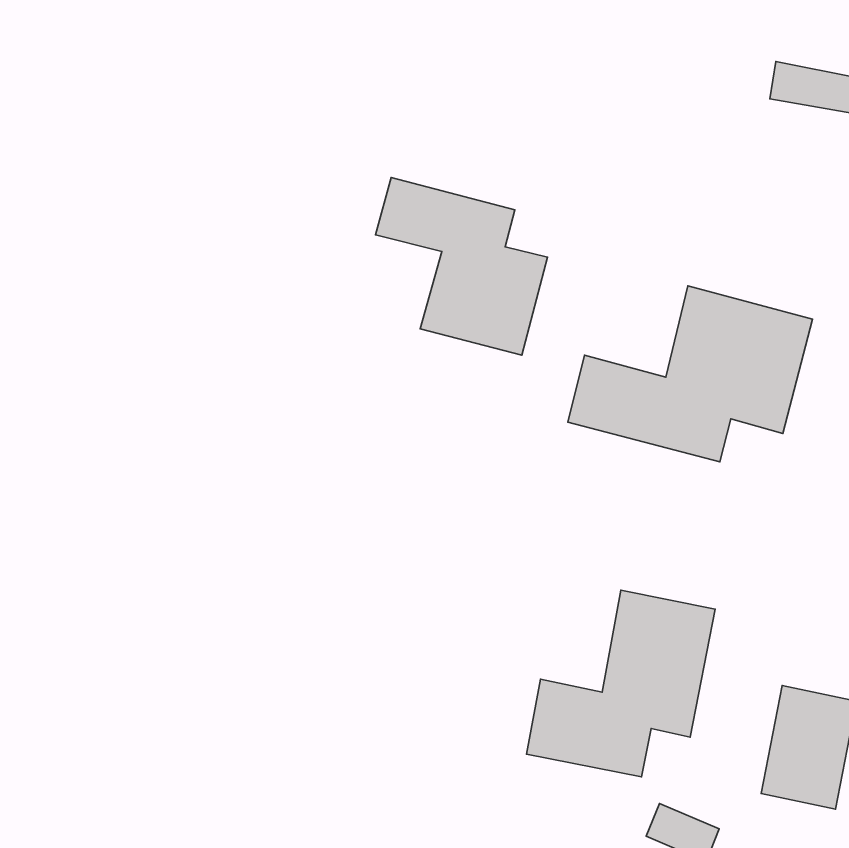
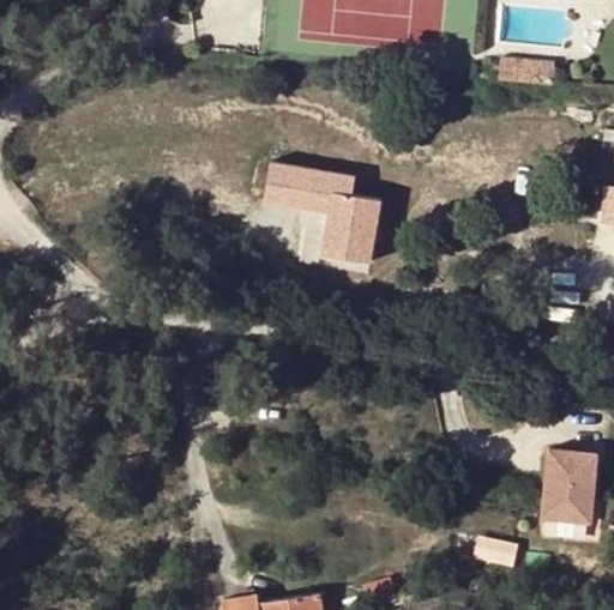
building: [568,286,812,462] -> none
building: [526,590,715,777] -> none

